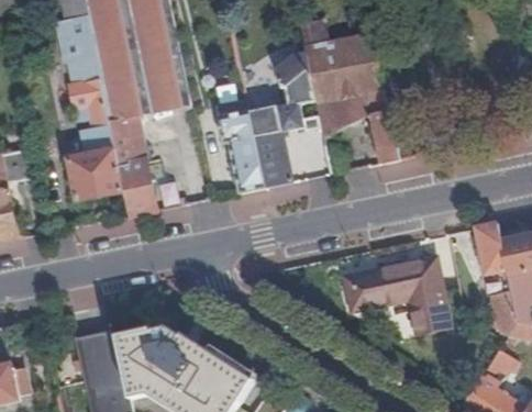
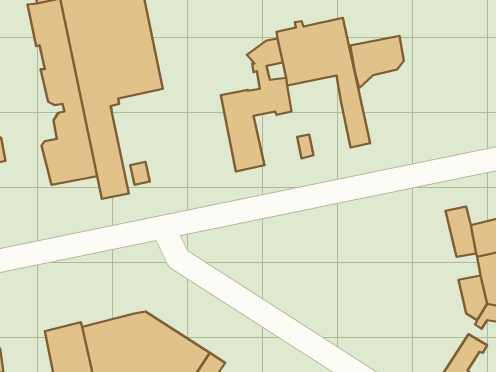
building: [317,90,370,143] -> [350,36,404,88]
building: [220,102,265,191] -> none
building: [346,257,450,334] -> none

